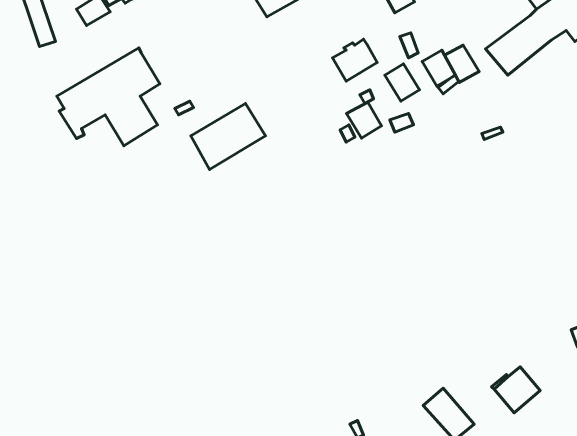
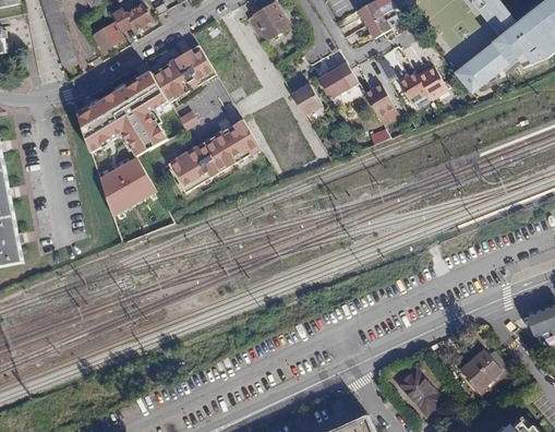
building: none -> [150,45,216,100]
building: [347,102,381,138] -> [290,83,321,115]
building: none -> [167,146,210,191]
building: none -> [99,157,156,216]

